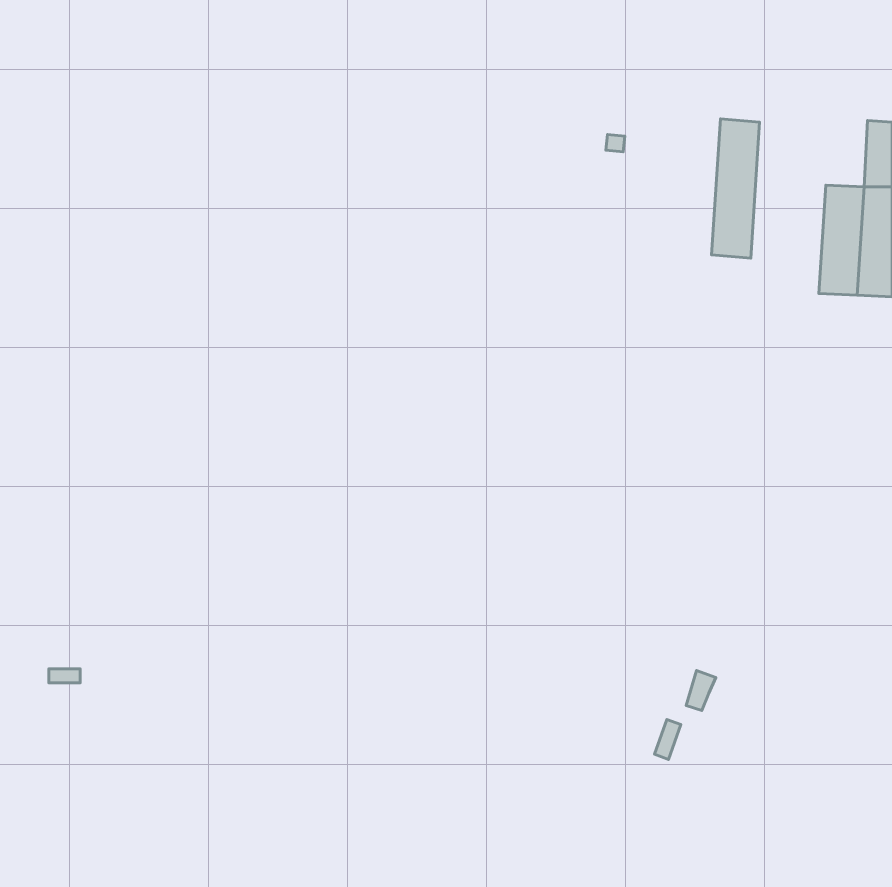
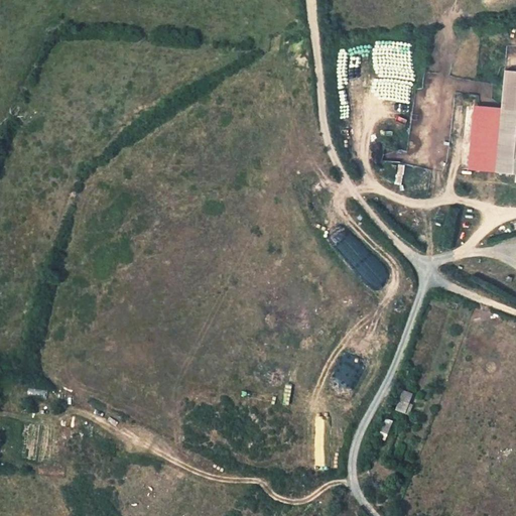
building: [712,119,760,258] -> none

